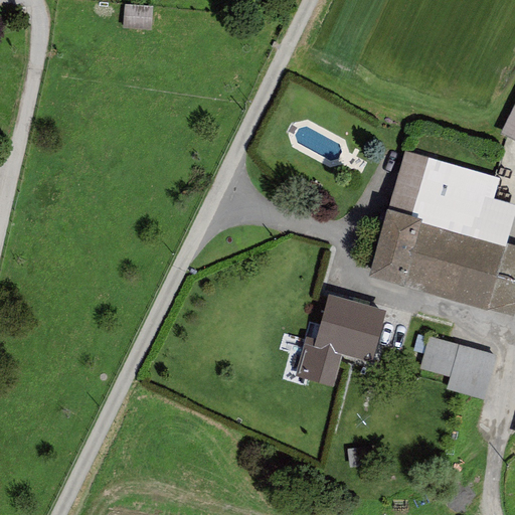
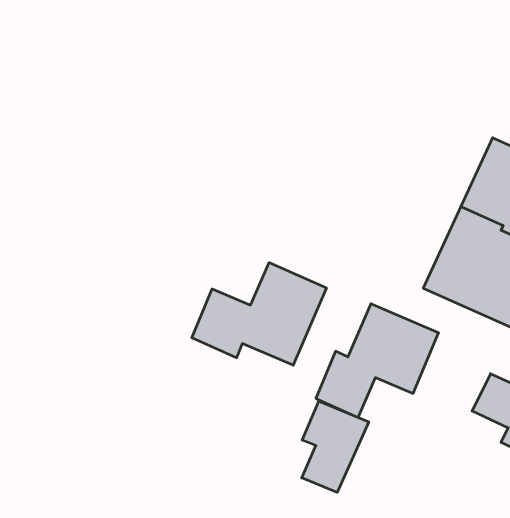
building: none -> [192,263,326,365]
building: none -> [302,401,369,492]

